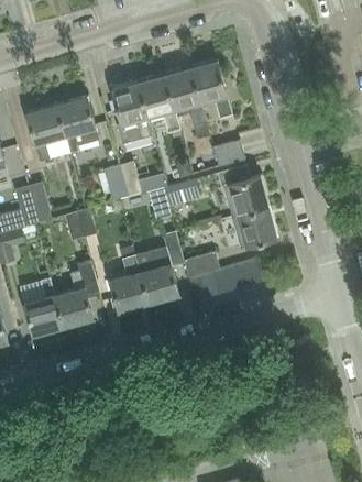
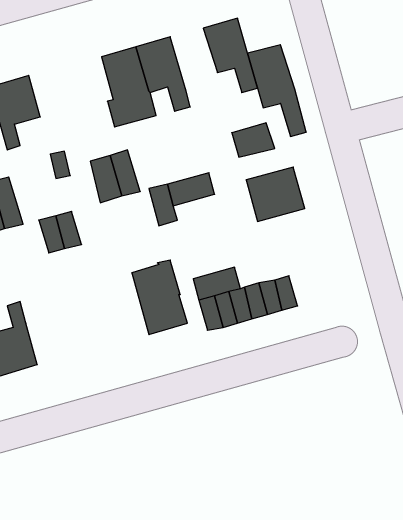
building: [165,68,210,139] -> [248,45,306,136]
building: [56,97,99,153] -> none
building: [232,207,276,248] -> none
building: [110,255,149,314] -> none
building: [54,271,92,327] -> none

